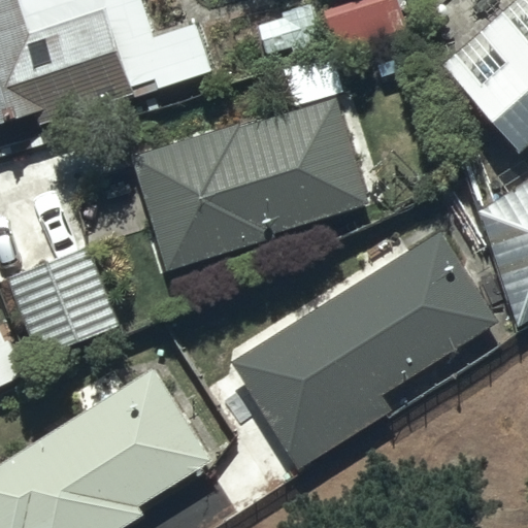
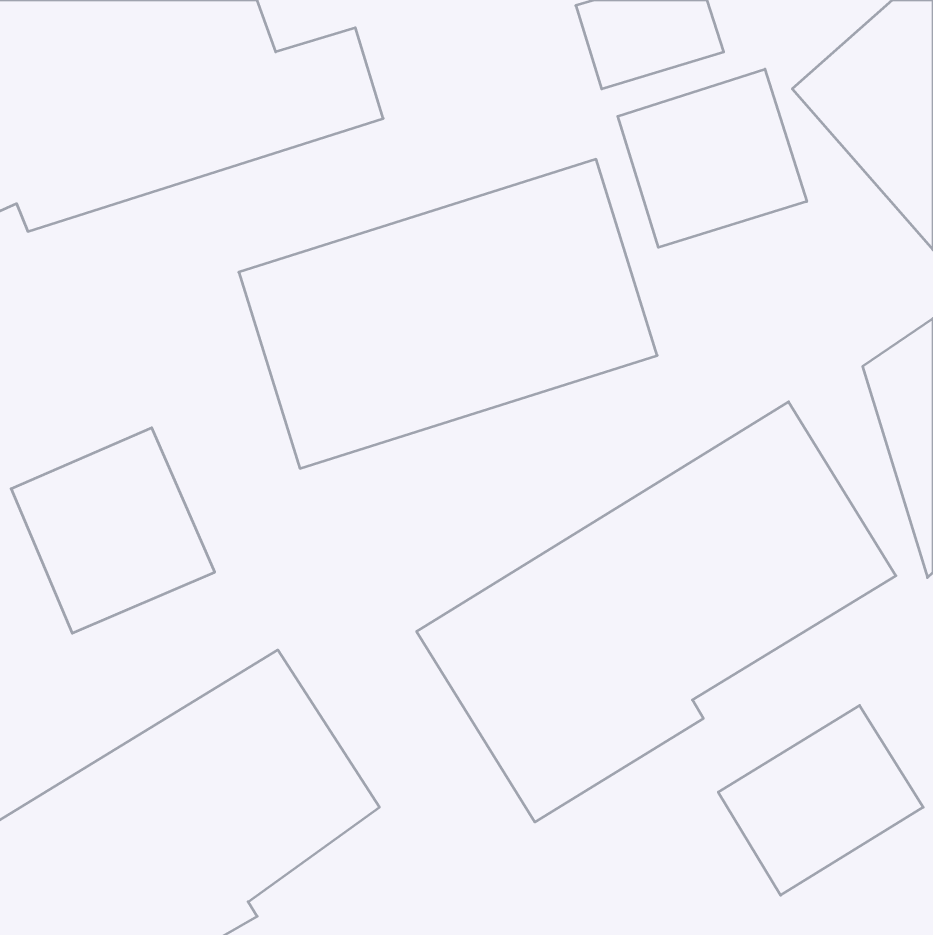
building: none -> [618,69,807,247]
building: none -> [718,705,923,895]

